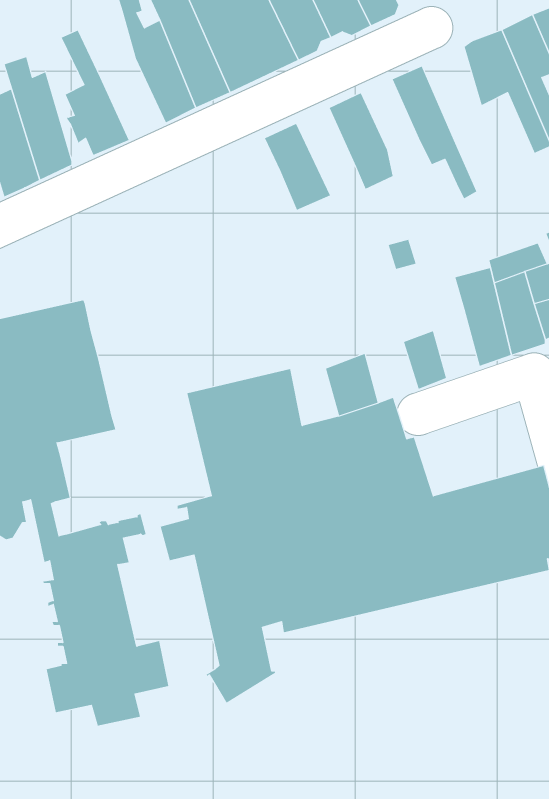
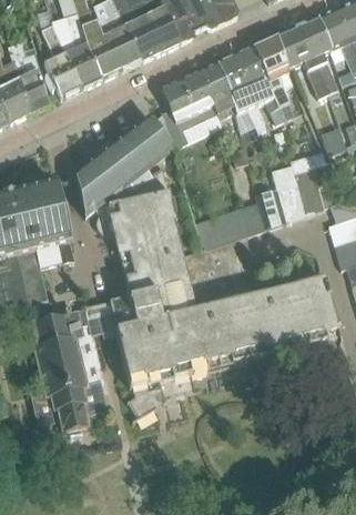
building: none -> [52,14,103,90]
building: none -> [253,36,296,120]
building: none -> [217,54,266,132]
building: none -> [180,71,217,122]
building: none -> [75,117,177,238]
building: none -> [258,189,286,229]
building: none -> [220,208,251,243]

